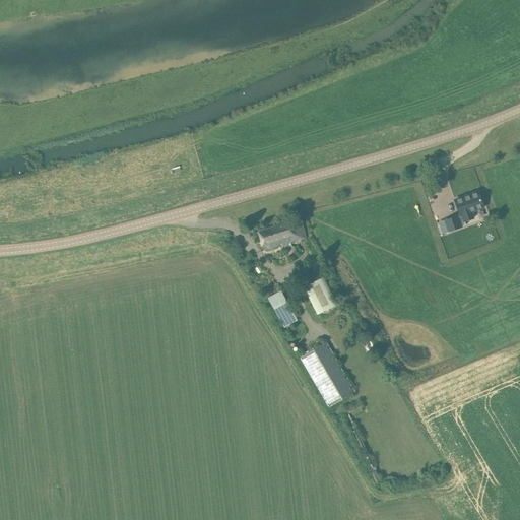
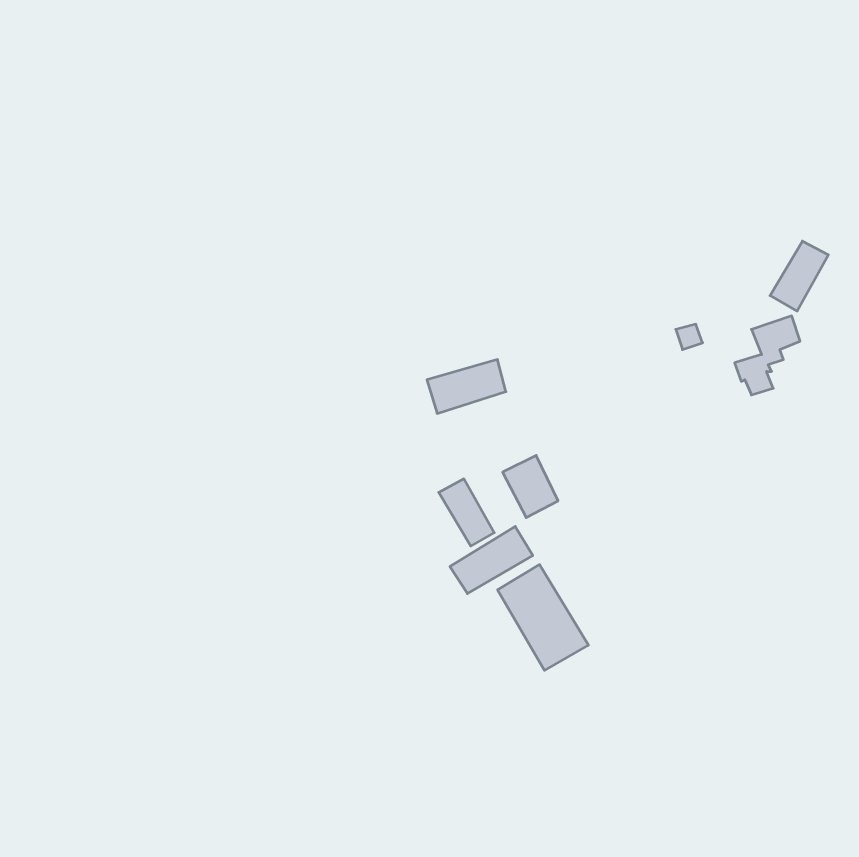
building: none -> [770,241,828,311]
building: none -> [450,526,533,594]

